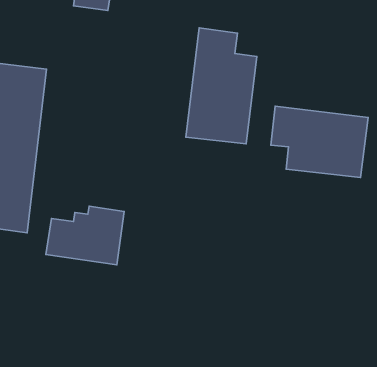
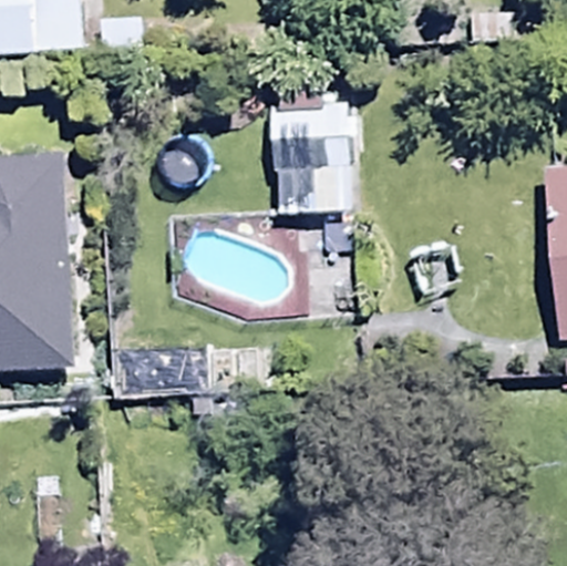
building: [271,106,368,177] -> none

